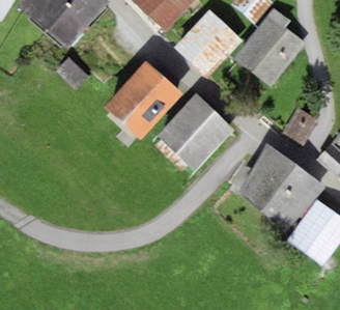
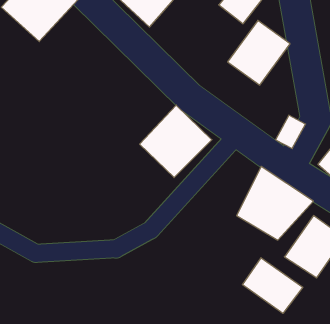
building: [177,13,235,73] -> none
building: [107,67,175,137] -> none
building: none -> [242,258,303,313]

